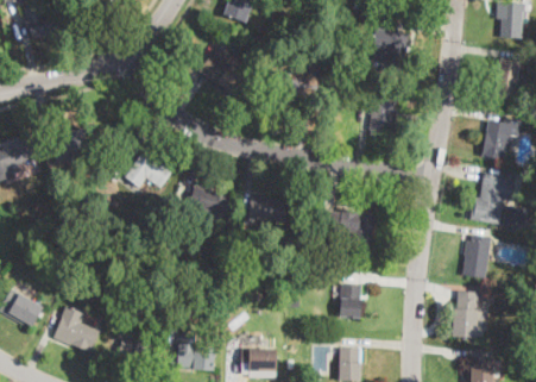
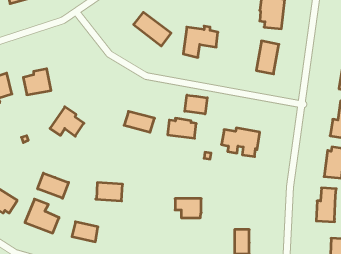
building: [125,146,171,187] -> [50,107,84,136]
building: none -> [185,95,207,114]
building: none -> [38,173,69,198]
building: [340,283,361,318] -> none
building: [177,344,214,369] -> [96,183,123,201]
building: [240,347,276,374] -> [175,199,201,218]

